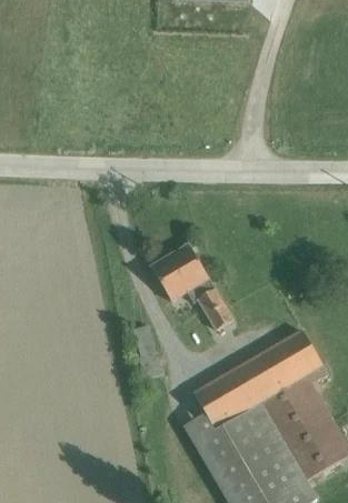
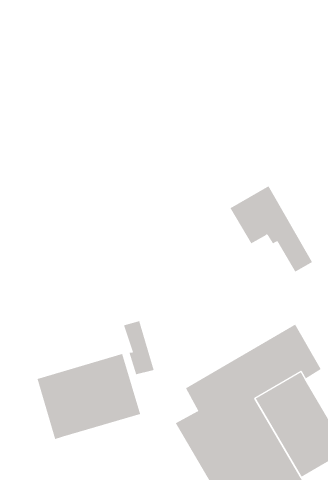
building: [151,244,233,330] -> [230,185,313,272]
building: none -> [37,353,141,440]

